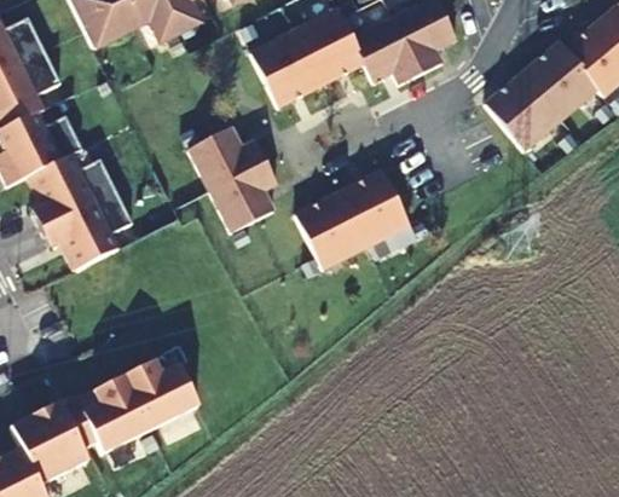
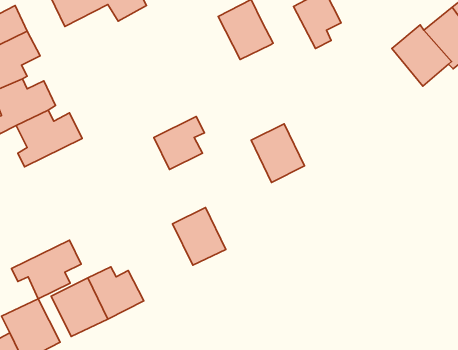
building: [352,16,422,85] -> none
building: [250,29,323,109] -> none
building: [485,71,563,151] -> none
building: [187,125,265,189] -> none
building: [39,190,131,267] -> [12,240,81,299]
building: [294,192,364,268] -> [173,207,226,265]

